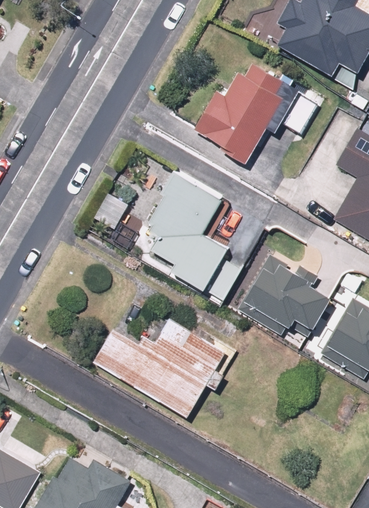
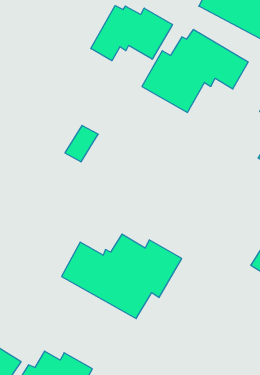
building: none -> [91,6,172,61]
building: [139,169,231,293] -> none
building: [237,250,327,335] -> none

